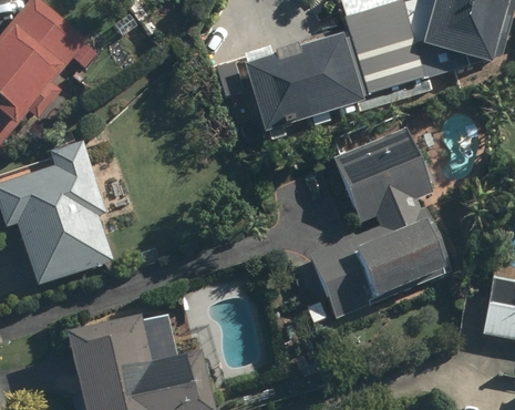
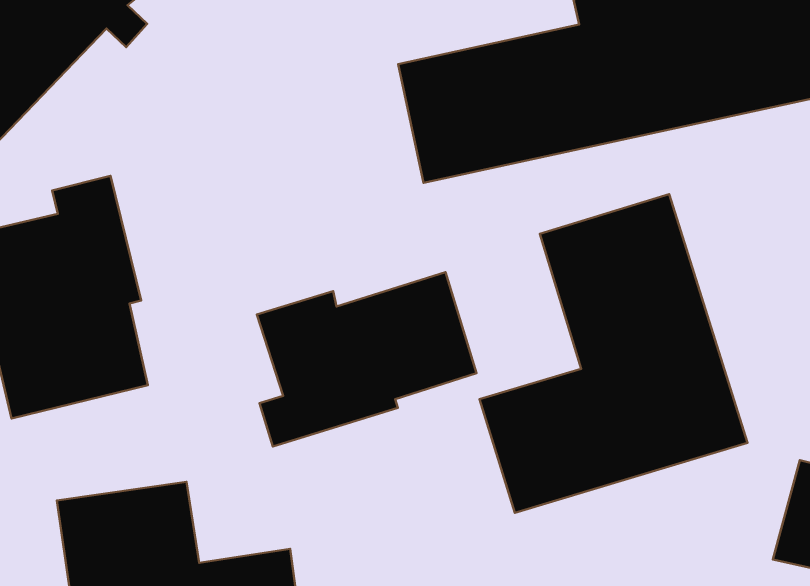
building: none -> [257,272,477,446]

